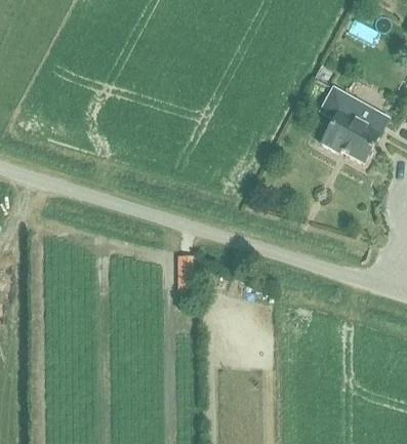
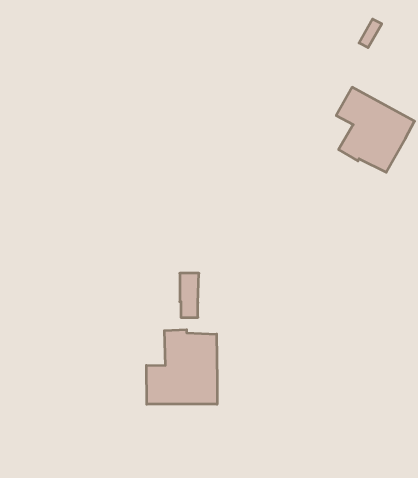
building: none -> [146,330,217,404]

